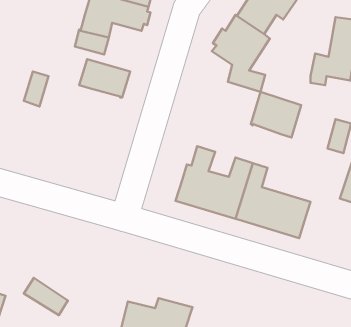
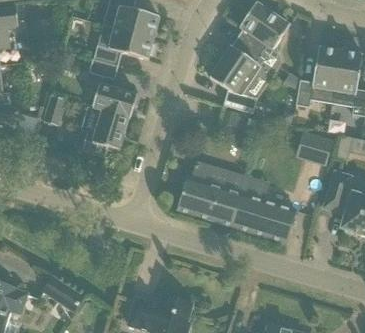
building: none -> [81,109,128,155]
building: [251,92,301,137] -> none

